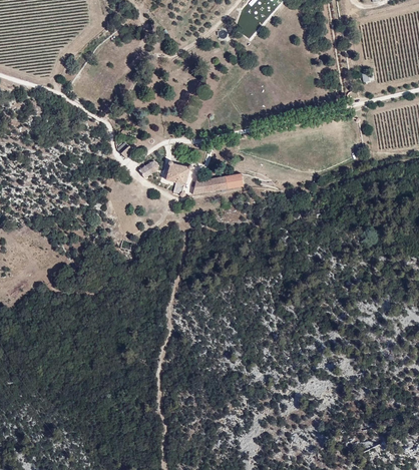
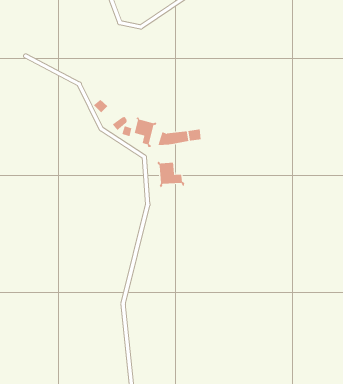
building: none -> [157,160,185,188]

